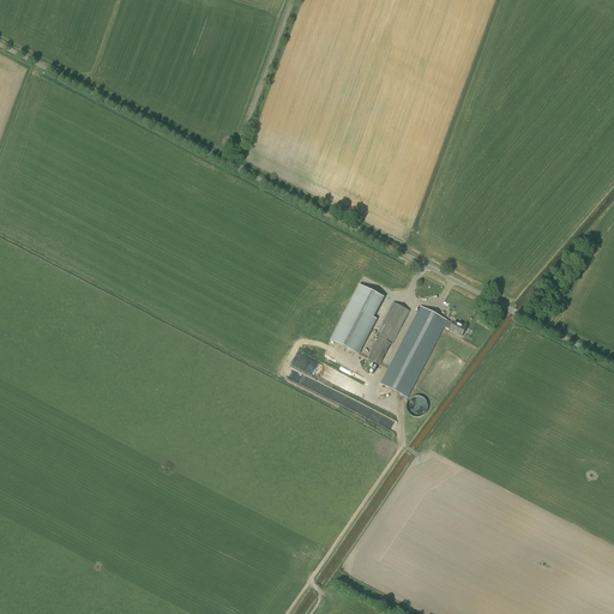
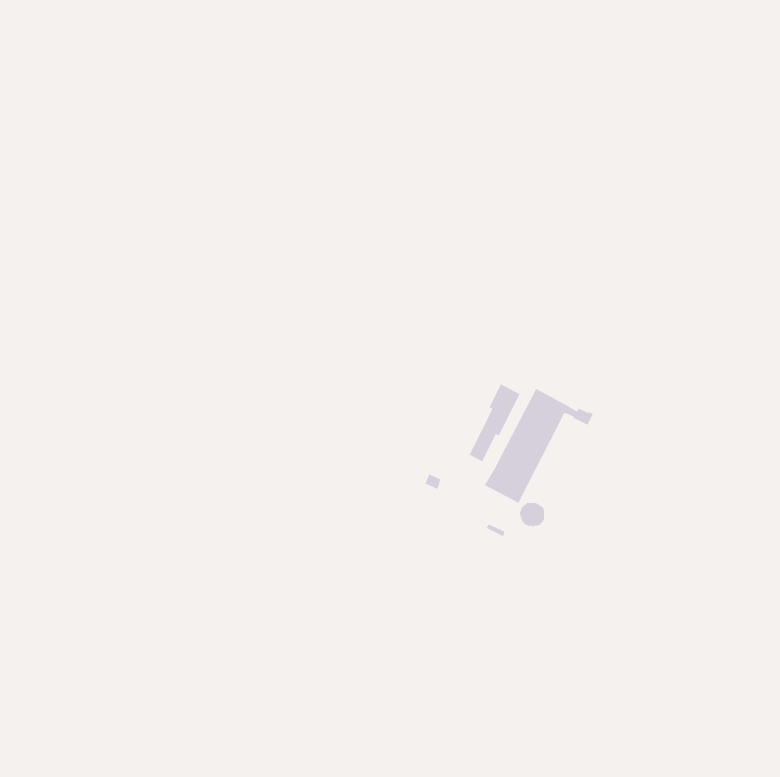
building: [330,283,383,353] -> none

